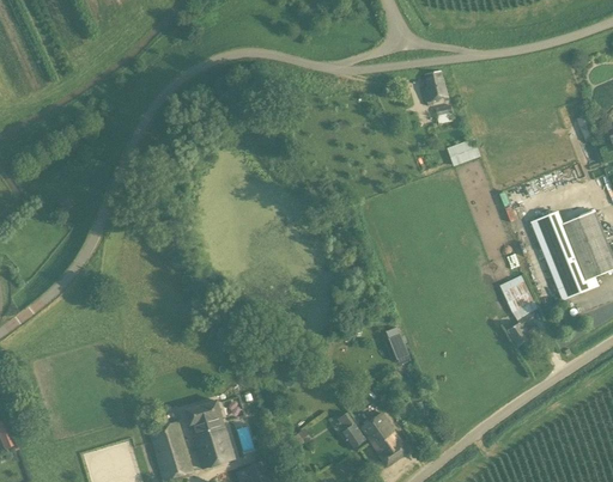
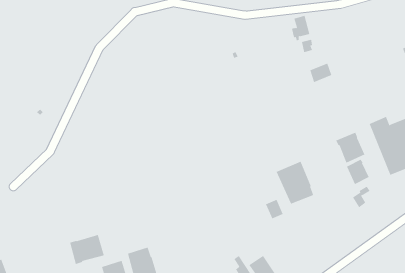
building: none -> [336,132,365,163]
building: none -> [276,161,314,205]
building: none -> [69,234,105,265]

